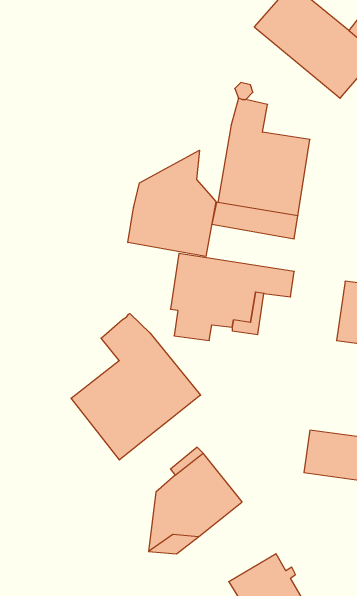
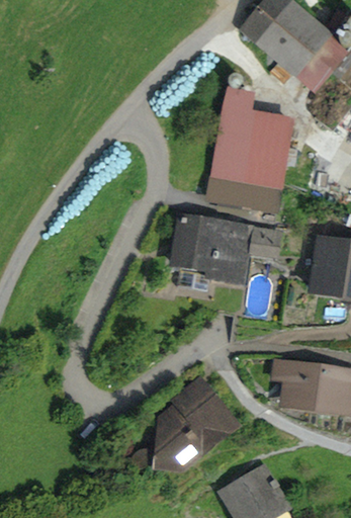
building: [128,150,216,256] -> none
building: [71,314,201,460] -> none

